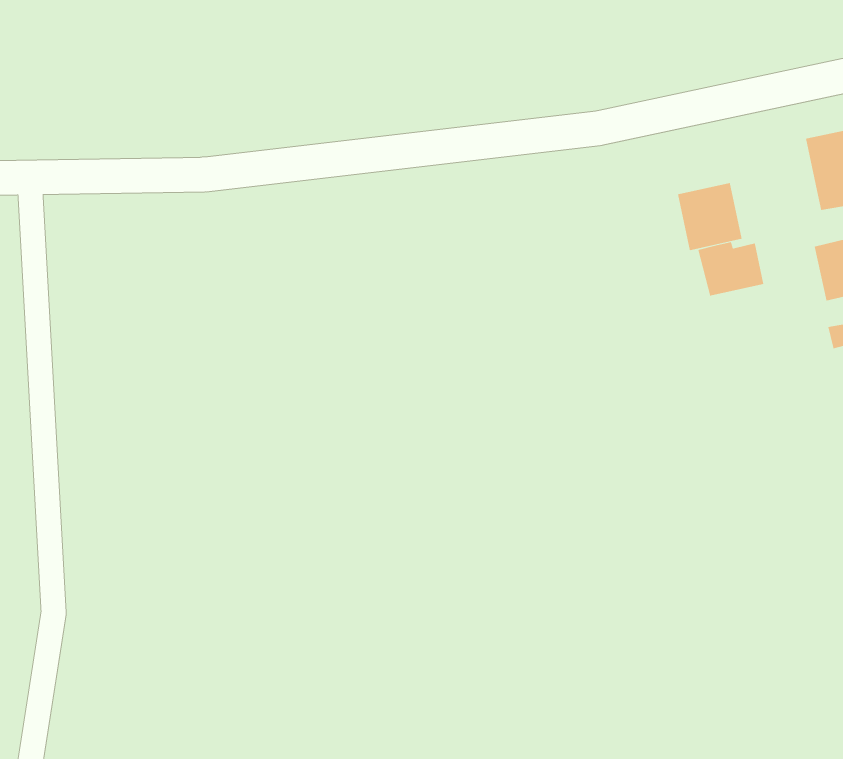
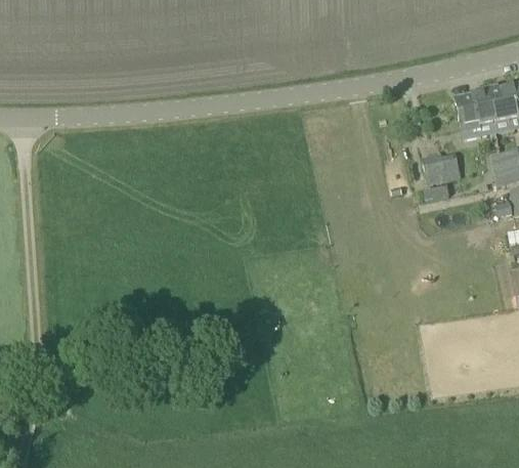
building: [677,182,742,251] -> [457,90,495,131]

